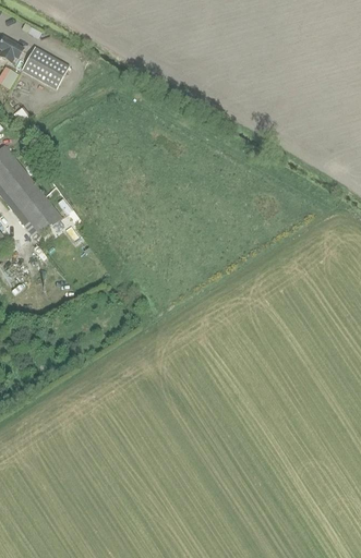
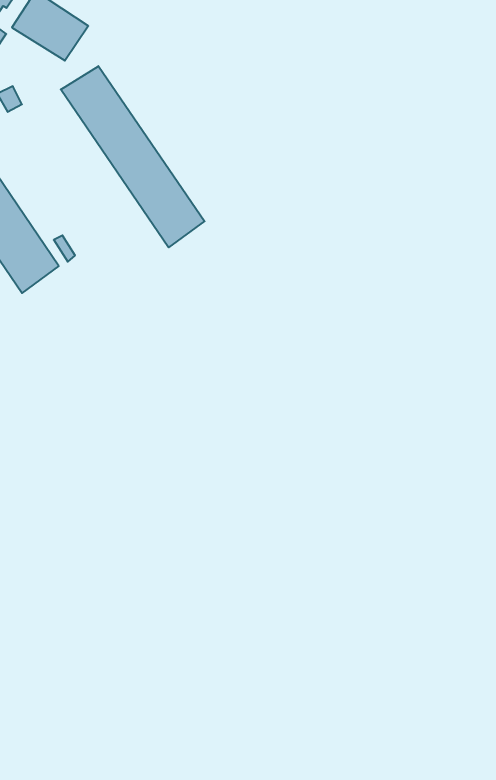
building: none -> [61,66,205,247]

